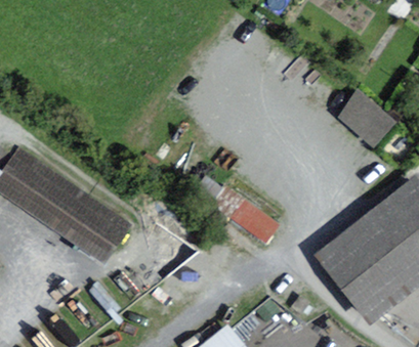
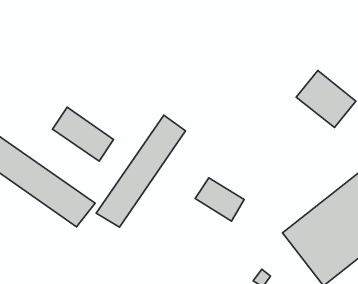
building: none -> [53,107,114,161]
building: none -> [96,115,186,227]

